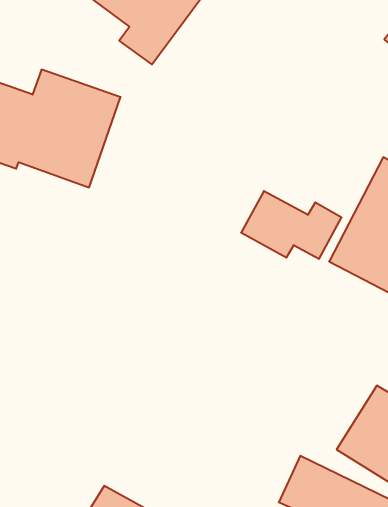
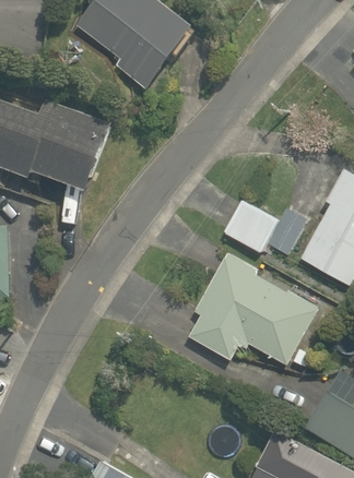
building: none -> [184,256,315,363]

